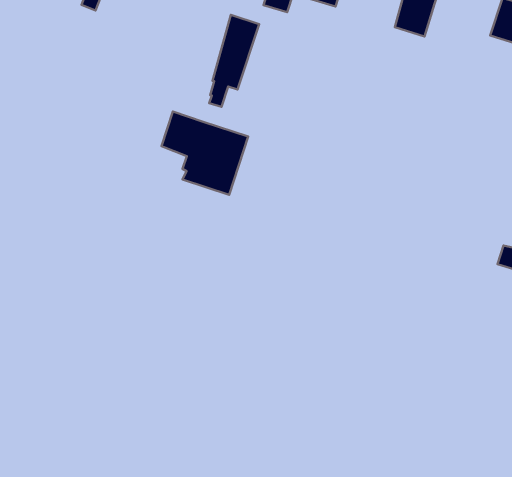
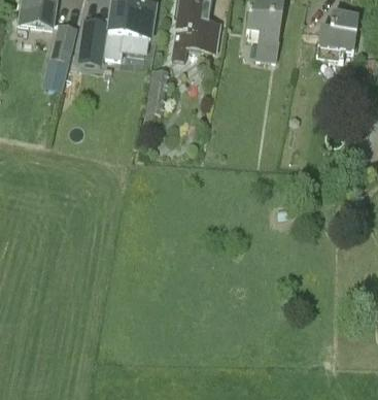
building: [161,112,248,195] -> none

